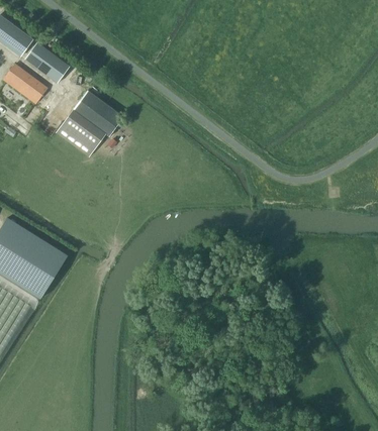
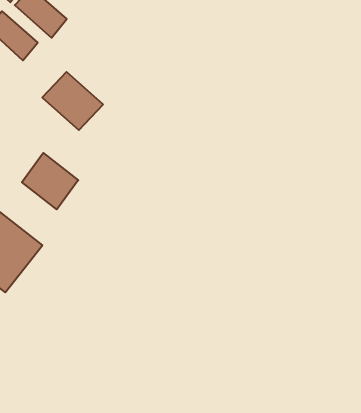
building: [74,91,125,137] -> none
building: none -> [22,153,78,209]

